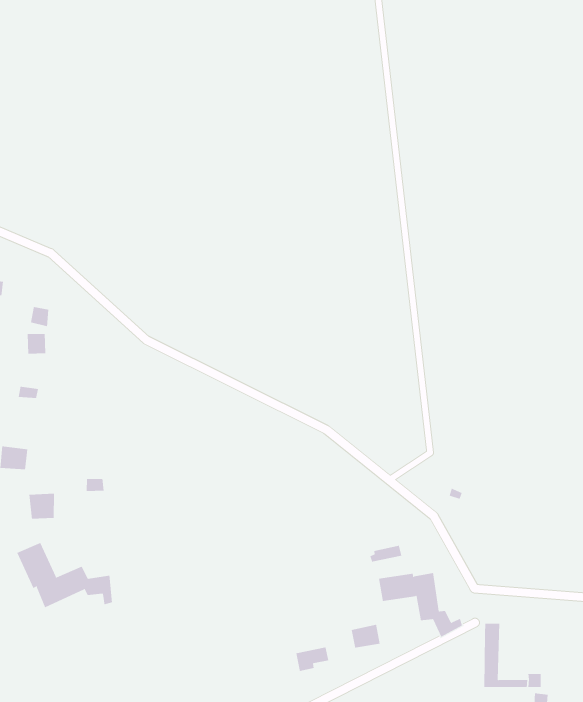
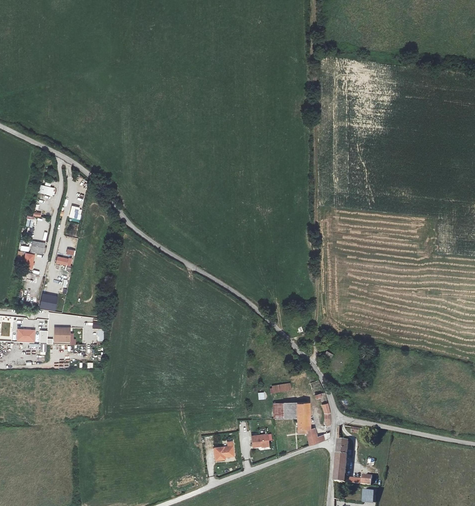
building: [16,542,113,608] -> none

